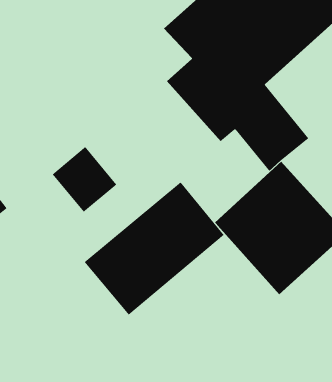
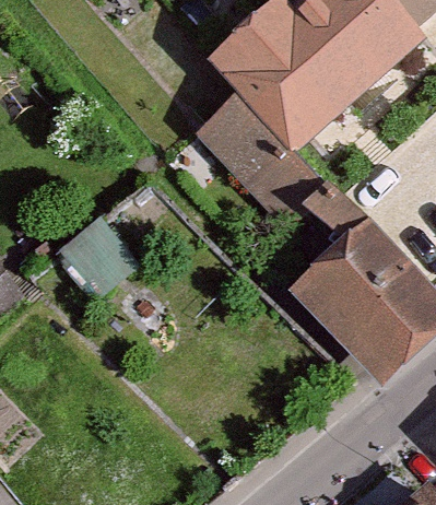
building: [84,181,224,315] -> none

